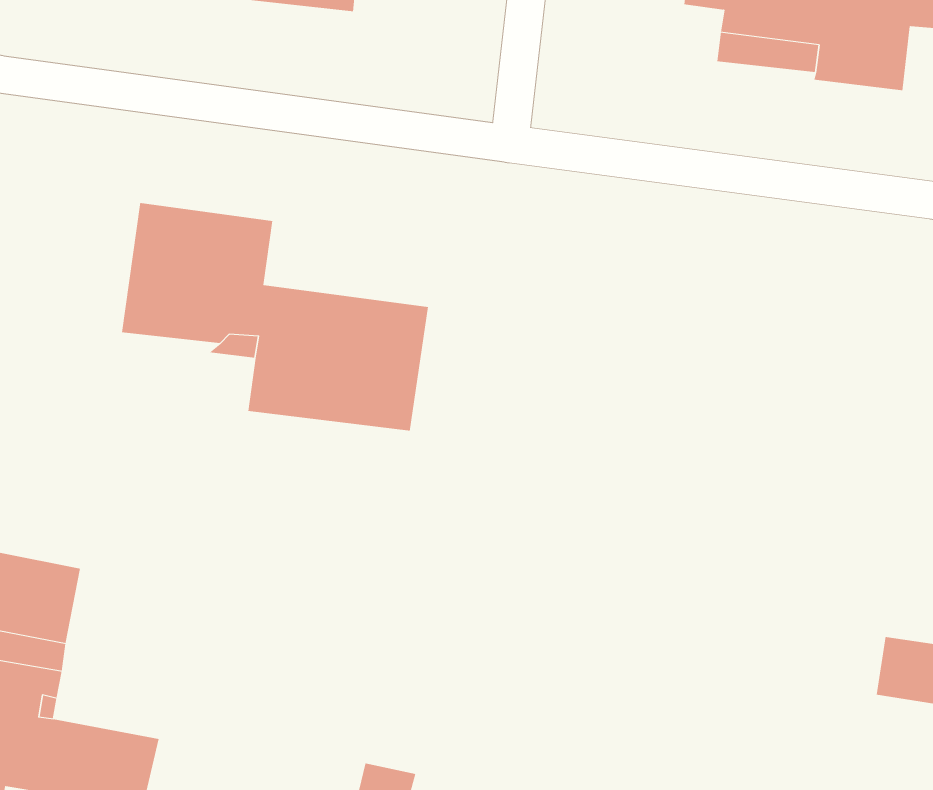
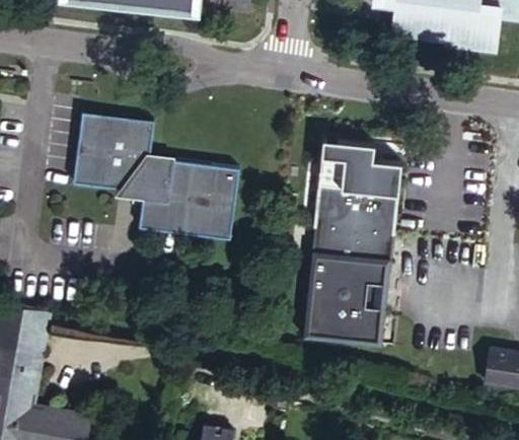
building: none -> [300,155,401,348]

